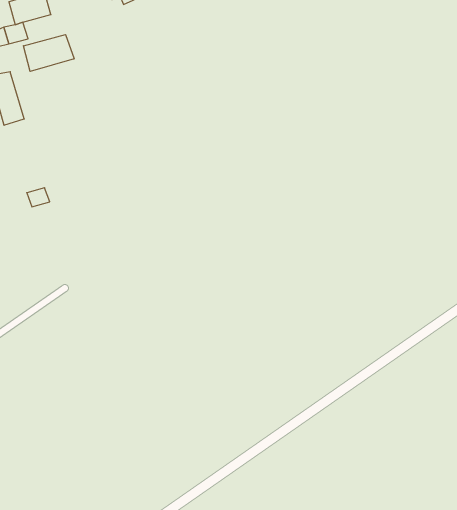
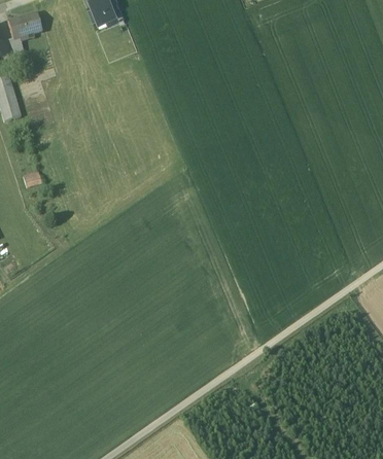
building: [23,35,74,71] -> none

